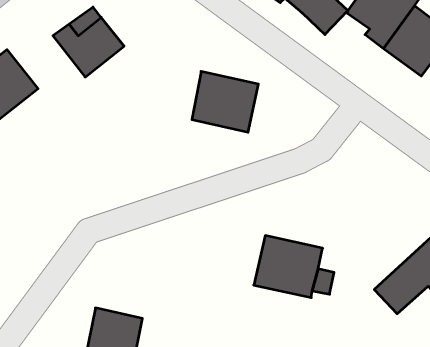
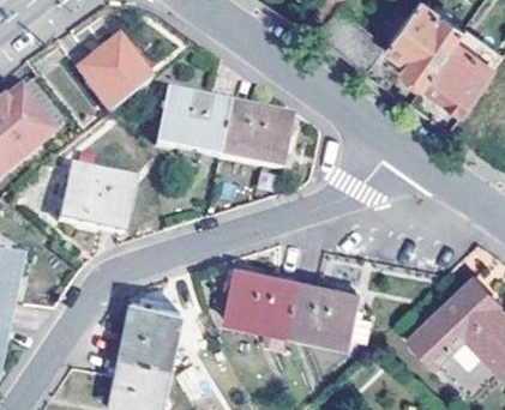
building: none -> [156,95,230,159]
building: none -> [65,170,137,234]
building: none -> [226,266,297,332]
building: none -> [120,305,181,367]

